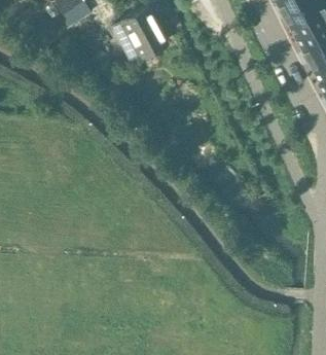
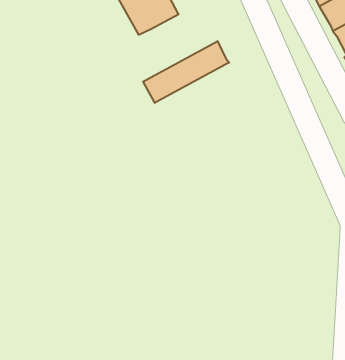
building: none -> [143,41,229,103]

